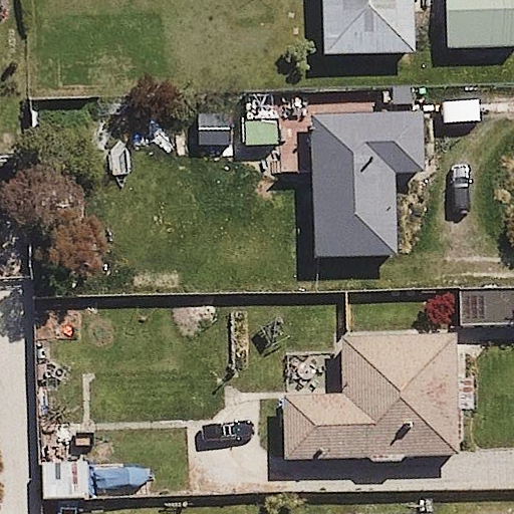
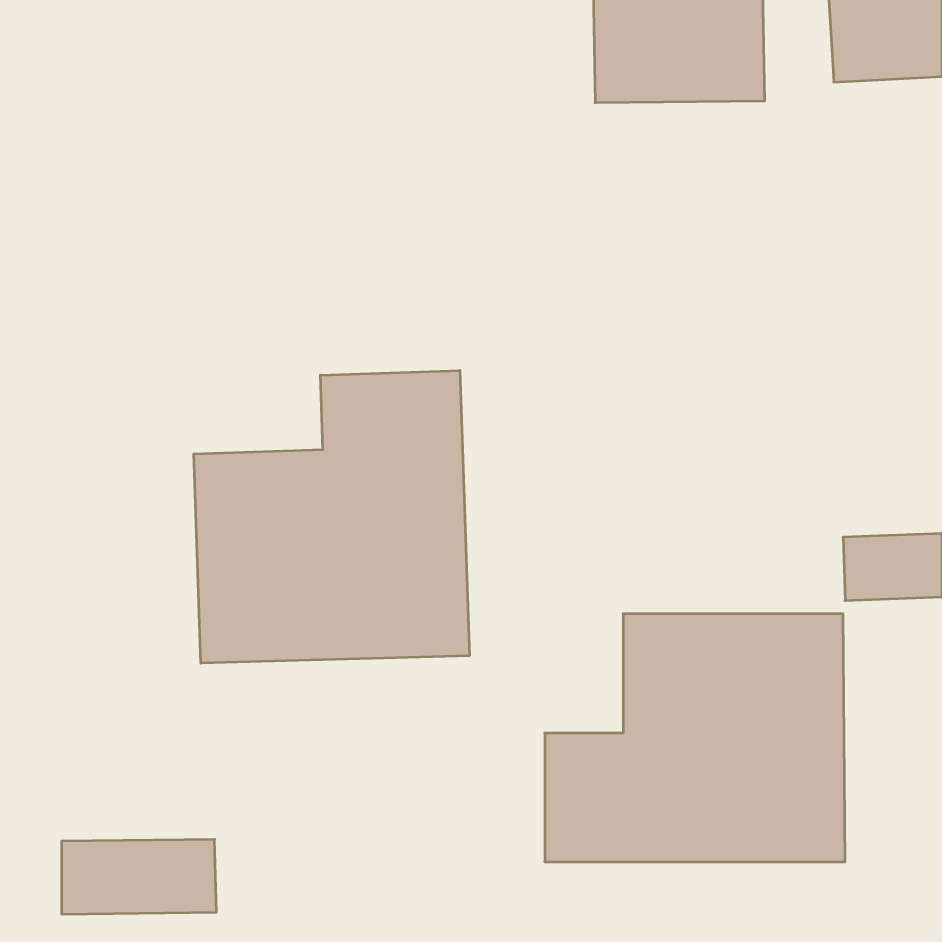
building: [310,78,428,258] -> none
building: none -> [194,370,469,663]

